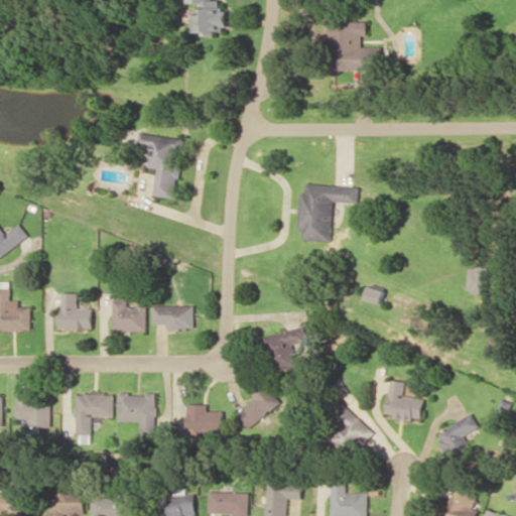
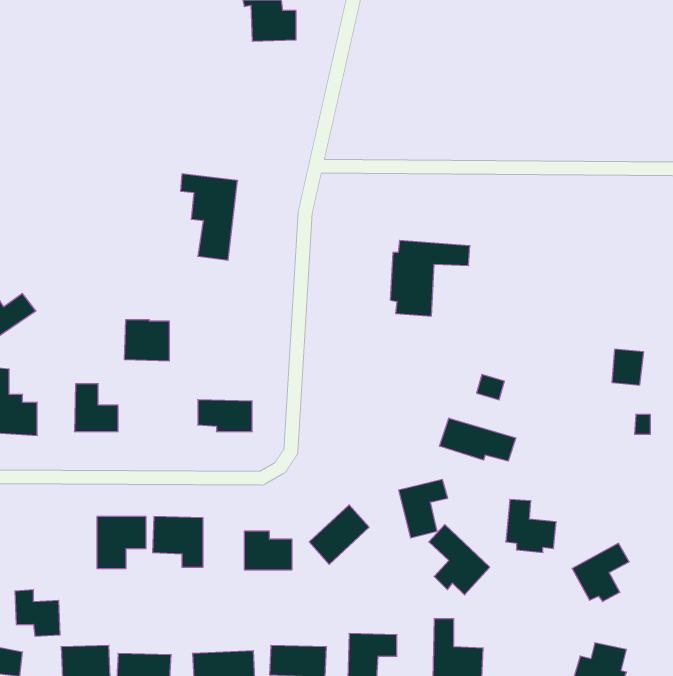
building: [326,21,377,72] -> none
building: [109,300,143,332] -> [124,320,169,361]
building: none -> [440,418,516,461]
building: [266,328,303,372] -> [399,480,448,538]
building: [14,393,48,428] -> [15,590,60,636]

